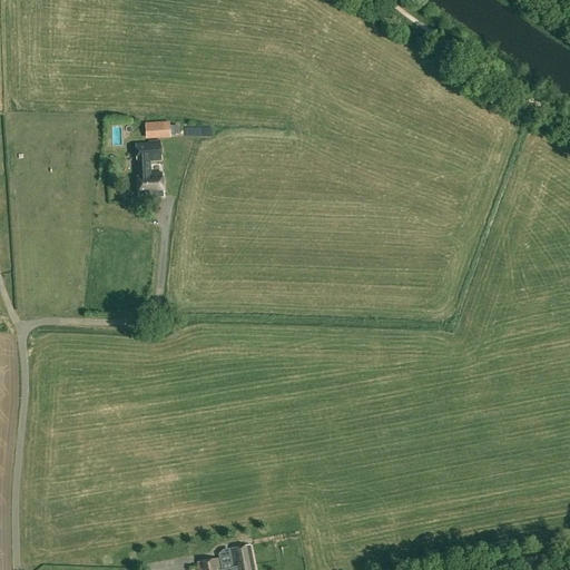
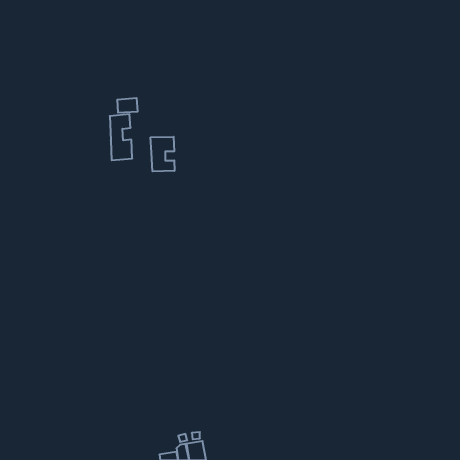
building: none -> [151,137,174,171]

